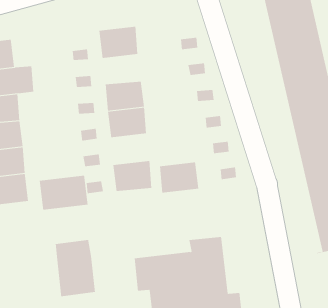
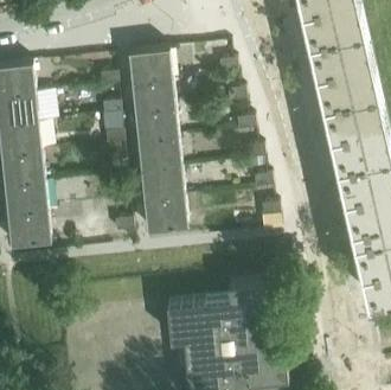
building: none -> [130,81,174,114]
building: [159,162,199,193] -> [140,168,184,203]
building: [39,175,88,210] -> none
building: [55,239,95,297] -> none

